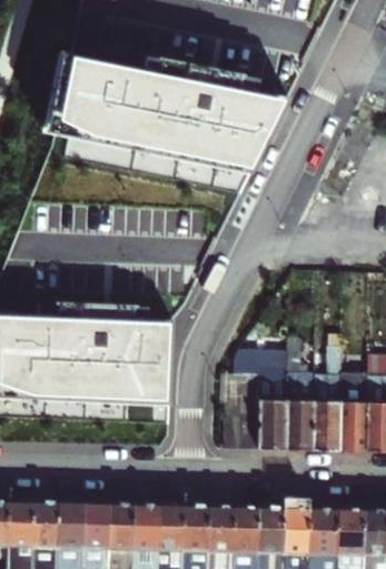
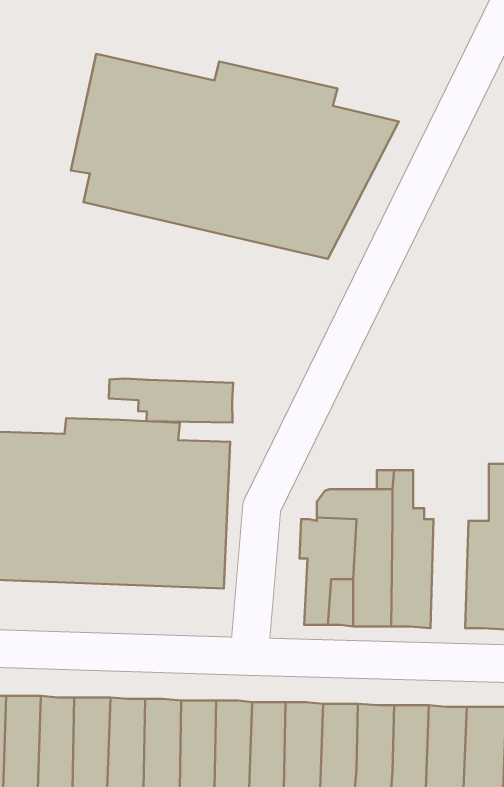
building: none -> [109,379,233,423]
building: [311,349,338,453] -> none

